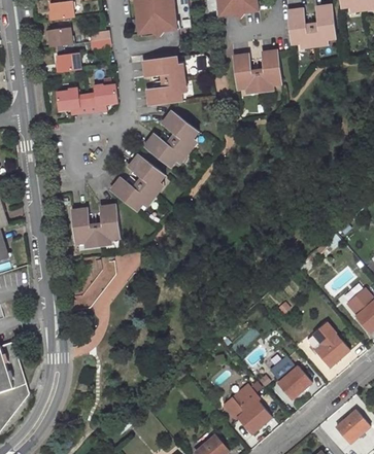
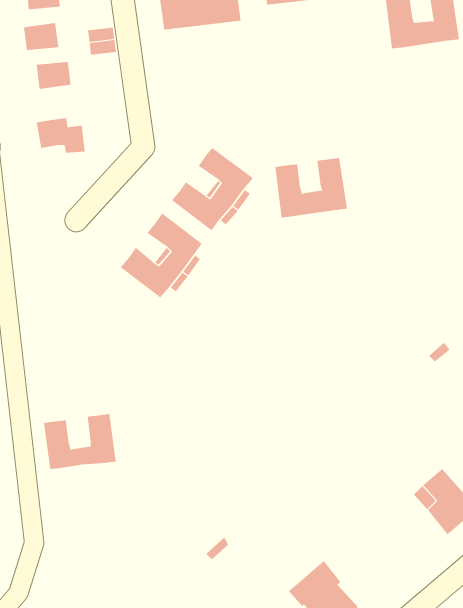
building: [234,50,282,91] -> [274,157,348,218]
building: [143,57,183,105] -> none
building: [87,85,115,113] -> none
building: [72,206,121,243] -> [43,413,116,470]
building: [276,364,309,398] -> none

